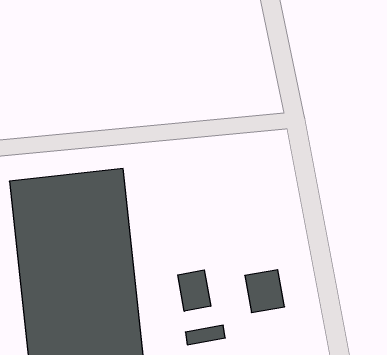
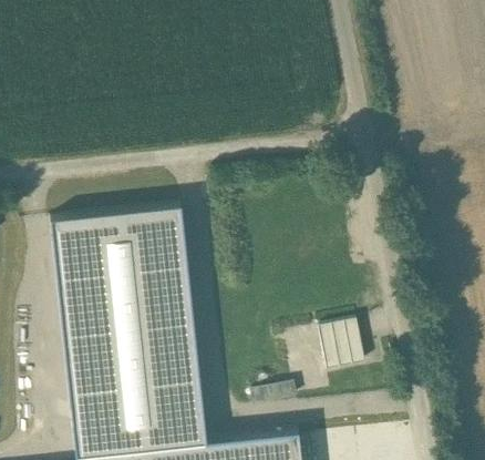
building: [178,270,211,311] -> none

